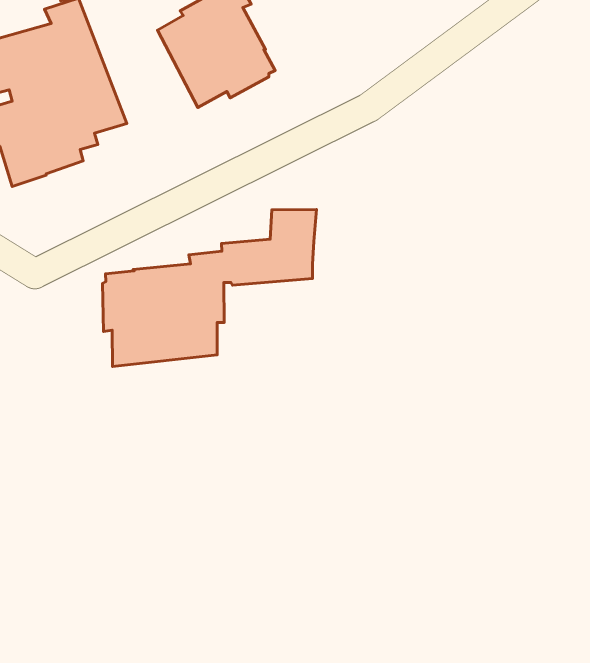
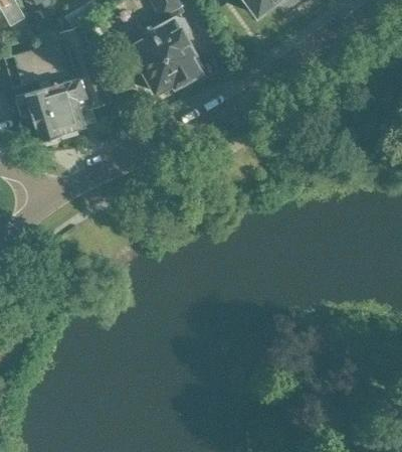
building: [103,210,316,366] -> none

